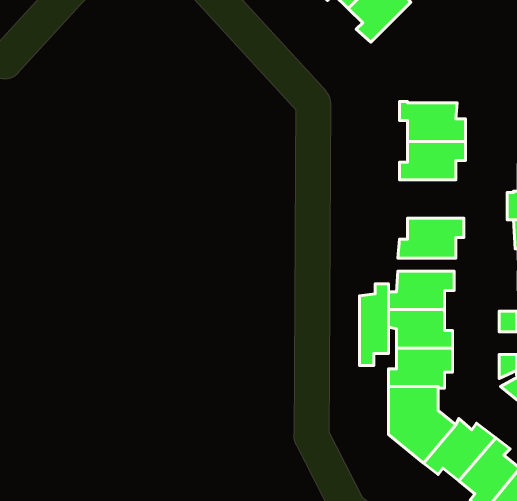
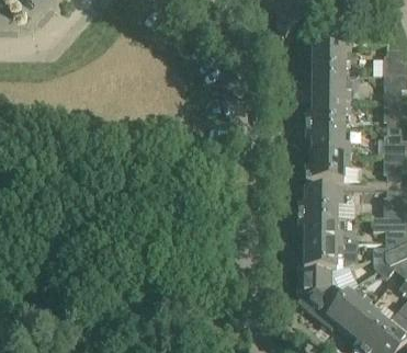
building: none -> [306,41,351,73]
building: none -> [306,126,350,152]
building: [359,284,388,366] -> none

